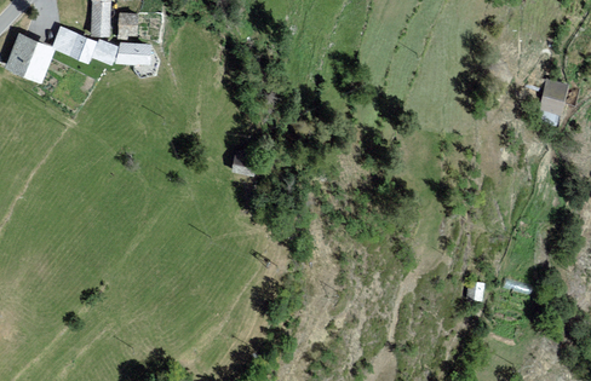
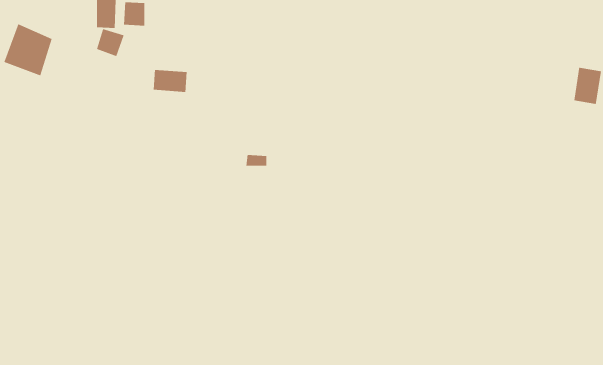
building: [51,28,94,63] -> none
building: [119,44,151,65] -> [153,69,188,93]

